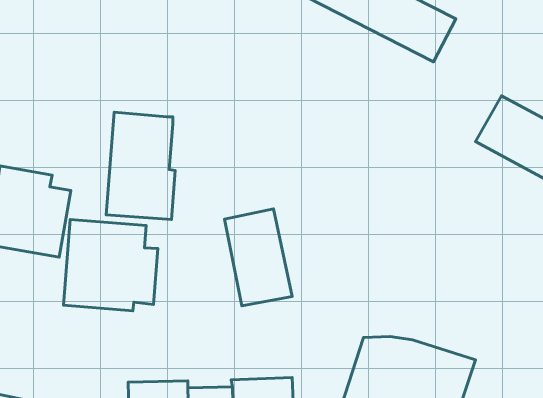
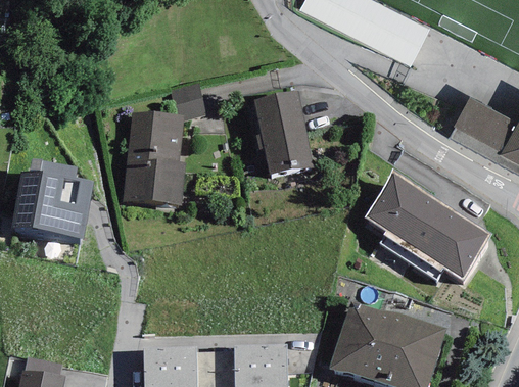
building: none -> [170,84,205,123]
building: none -> [364,173,491,282]
building: [224,209,292,306] -> [253,91,313,176]
building: [63,220,158,311] -> none

